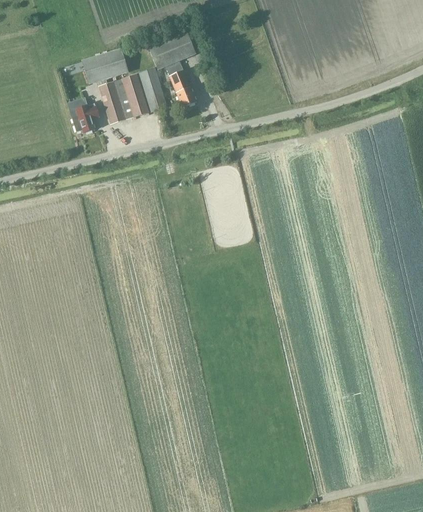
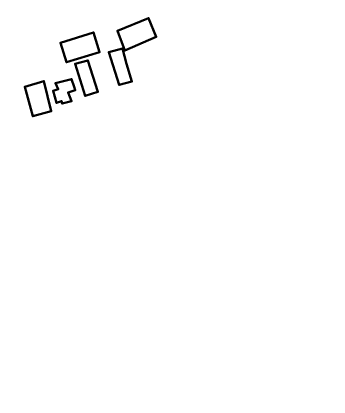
building: [167,63,196,108] -> none
building: [123,74,149,116] -> none
building: none -> [25,81,51,116]

